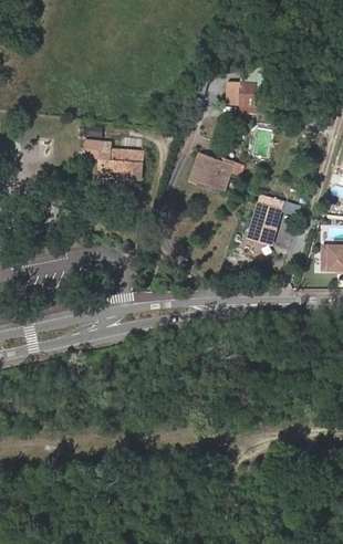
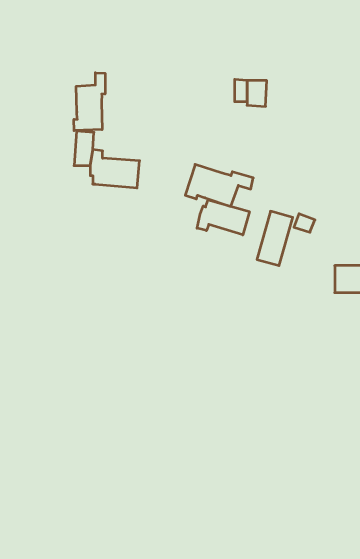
building: none -> [74,73,105,131]
building: none -> [197,200,249,235]

